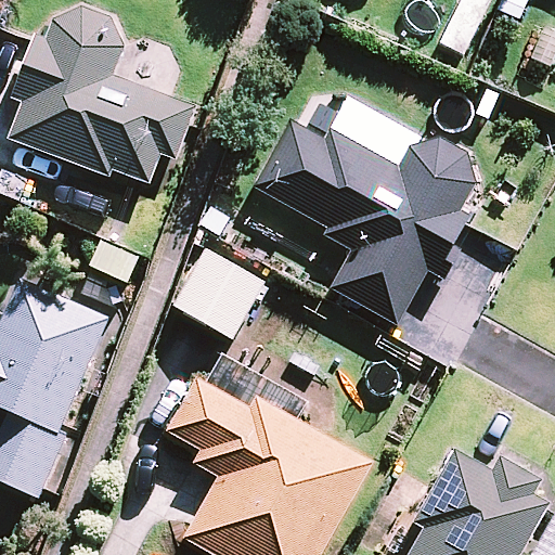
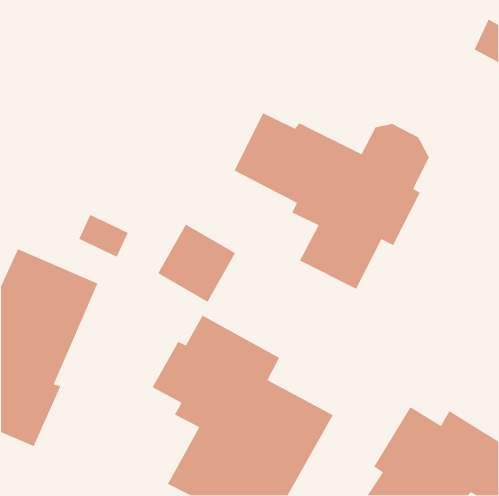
building: [9,4,192,188] -> none

